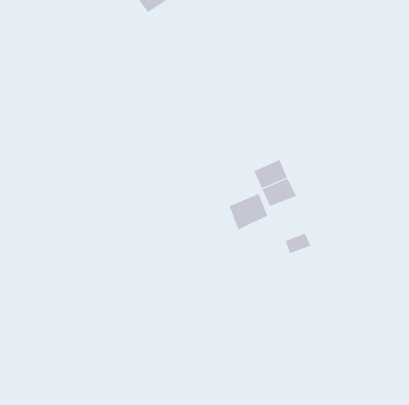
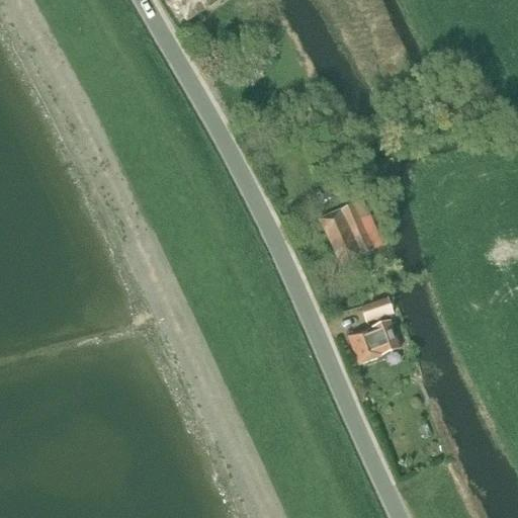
building: [229,193,268,230] -> none
building: none -> [349,319,401,361]

